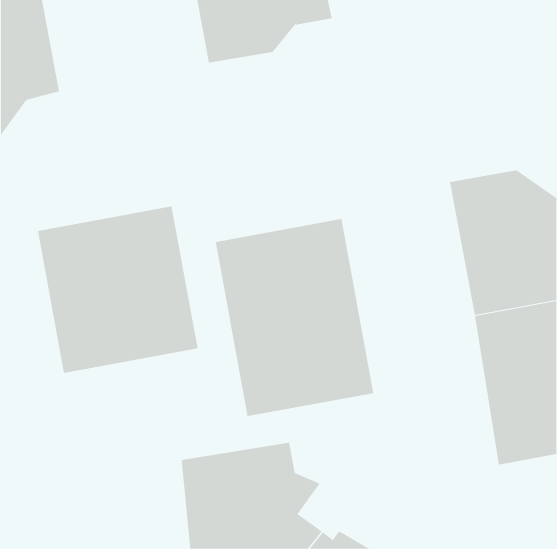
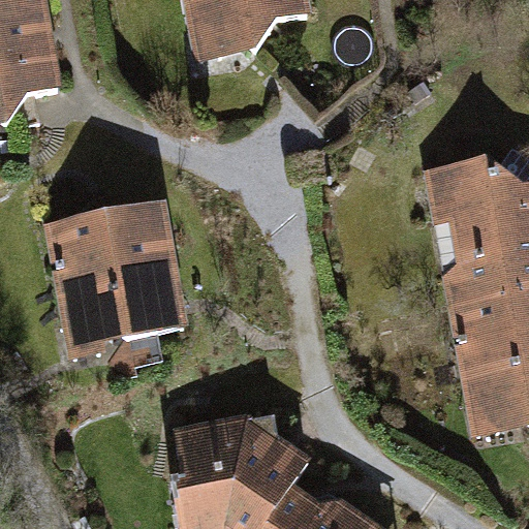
building: [215,218,374,417] -> none

